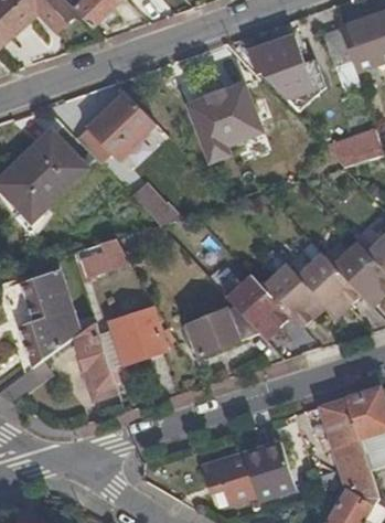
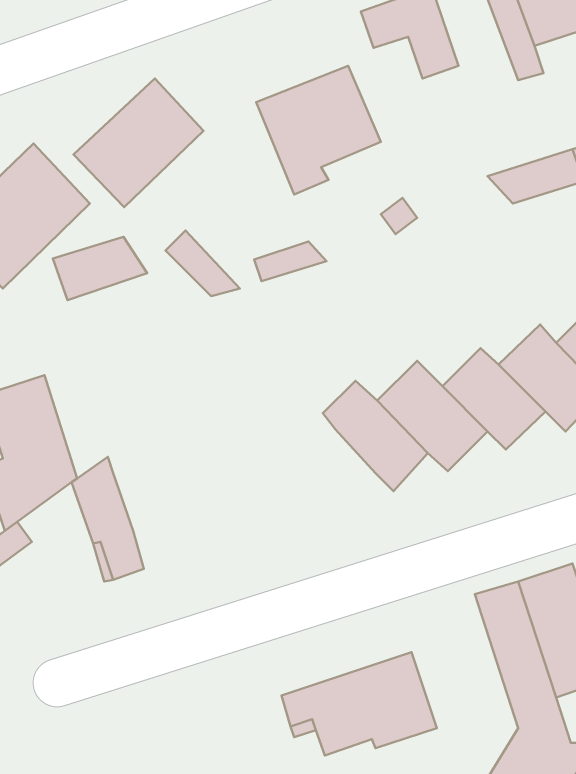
building: [73,238,130,277] -> [53,237,147,300]
building: [189,305,259,354] -> none
building: [99,306,167,366] -> none

